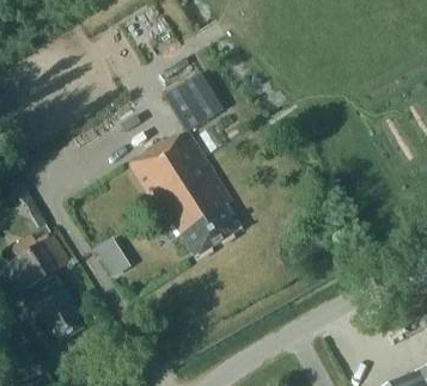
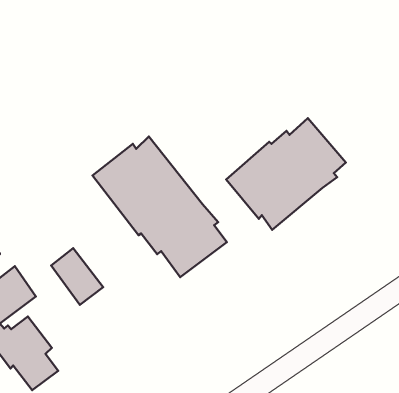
building: [166,82,222,134] -> none
building: none -> [226,118,346,230]

